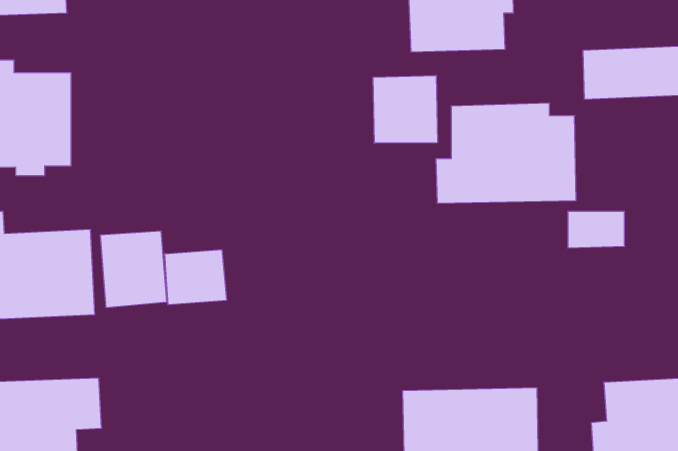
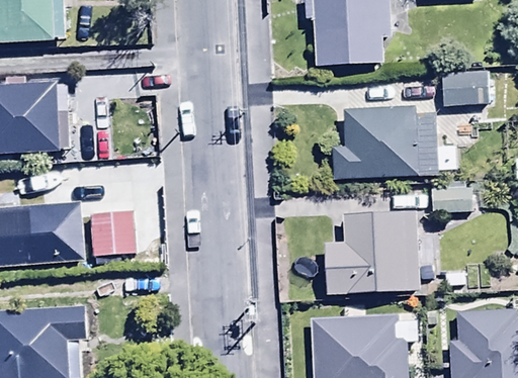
building: [373,75,437,143] -> none
building: none -> [323,211,423,298]
building: [165,250,226,305] -> none

